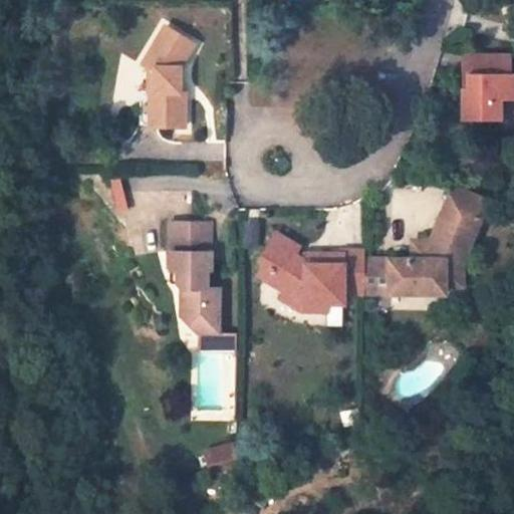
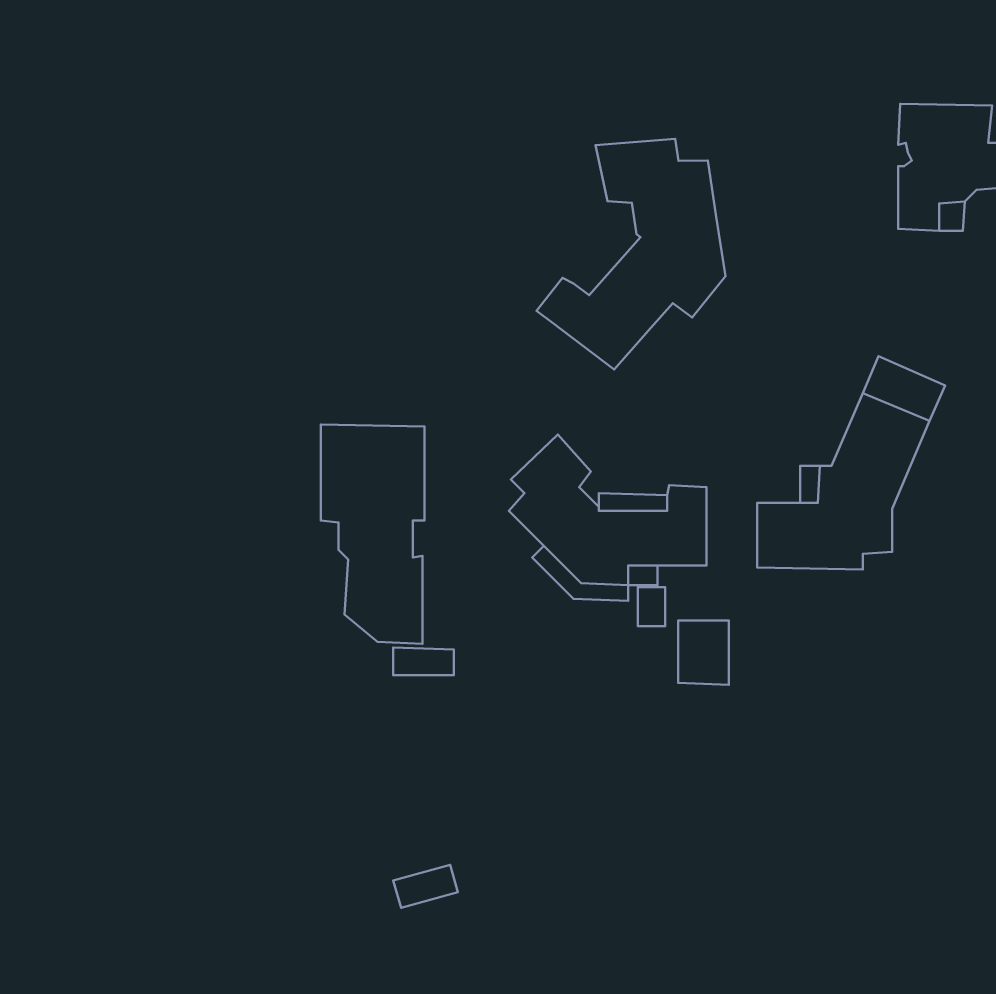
building: [141,29,195,130] -> none
building: none -> [537,139,725,370]
building: [364,261,391,294] -> [678,620,729,685]

